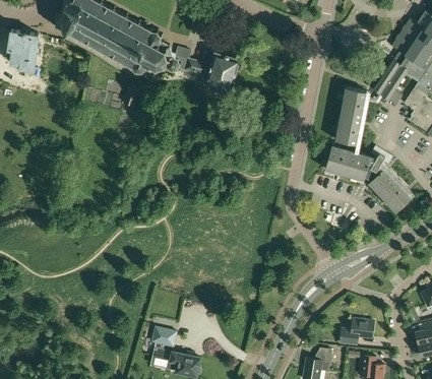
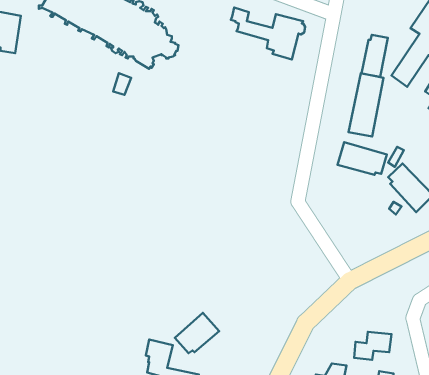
building: [174,47,241,93] -> [231,8,305,59]
building: none -> [362,35,388,77]
building: none -> [175,313,219,353]

